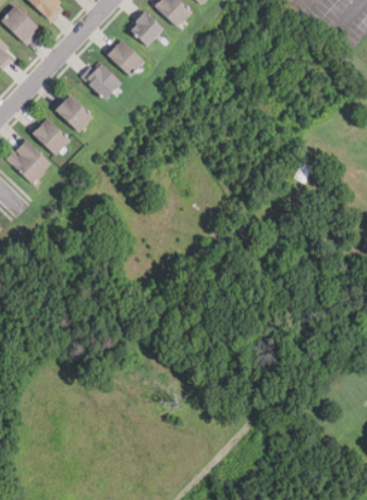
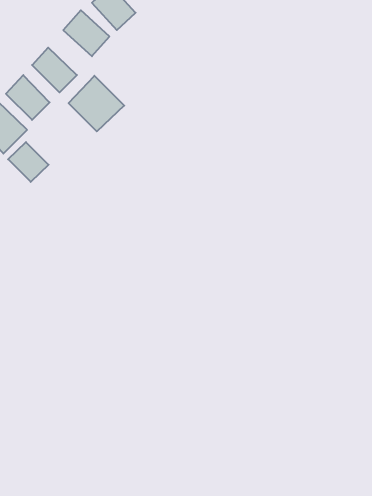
building: none -> [69,76,124,131]
building: none -> [8,142,49,182]

